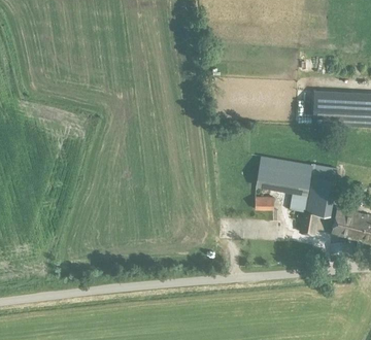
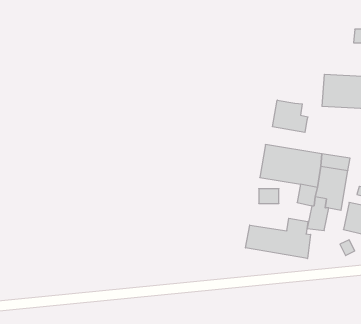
building: none -> [273,100,308,132]
building: none -> [246,218,311,259]

